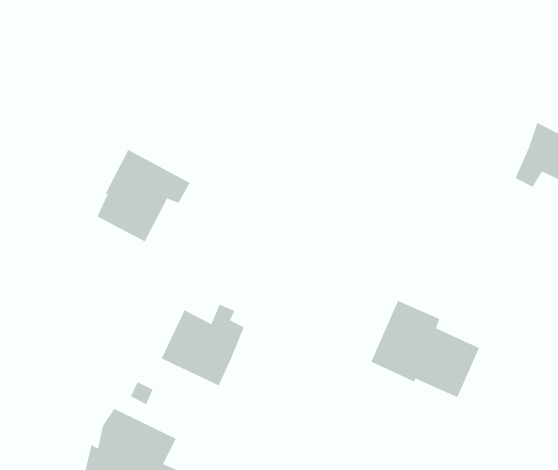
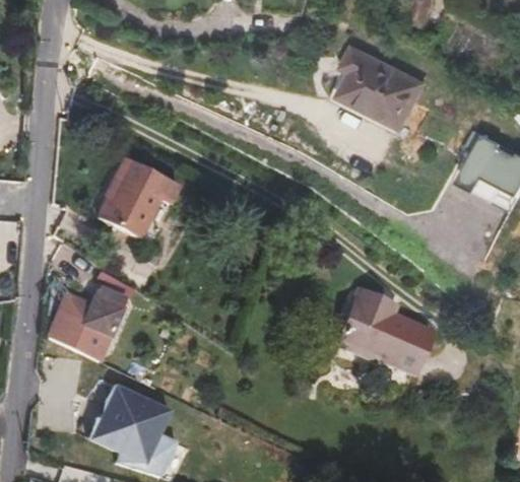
building: none -> [344,47,428,127]
building: [161,304,245,386] -> [49,288,122,360]

